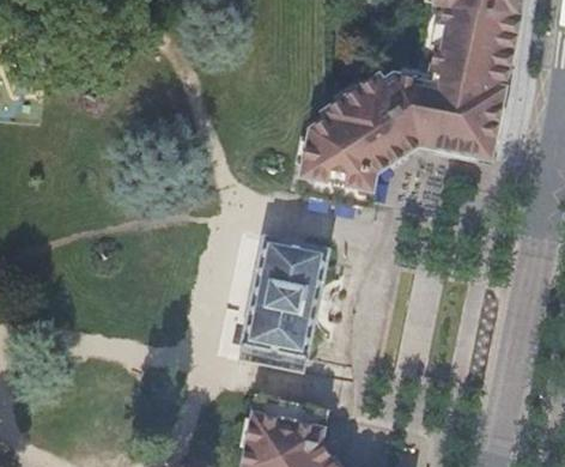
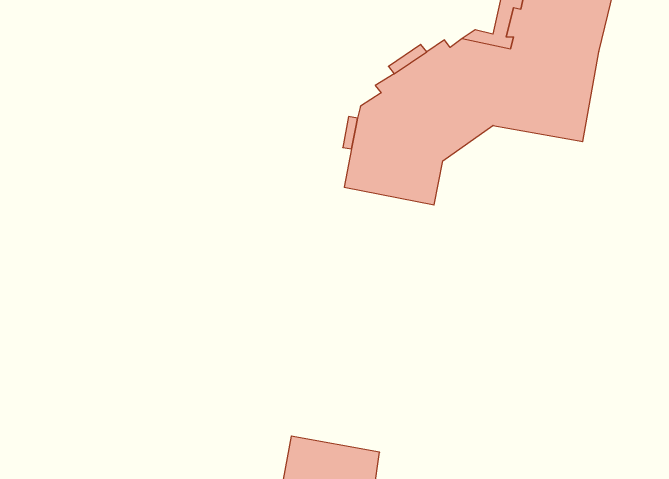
building: [241,237,332,360] -> none

